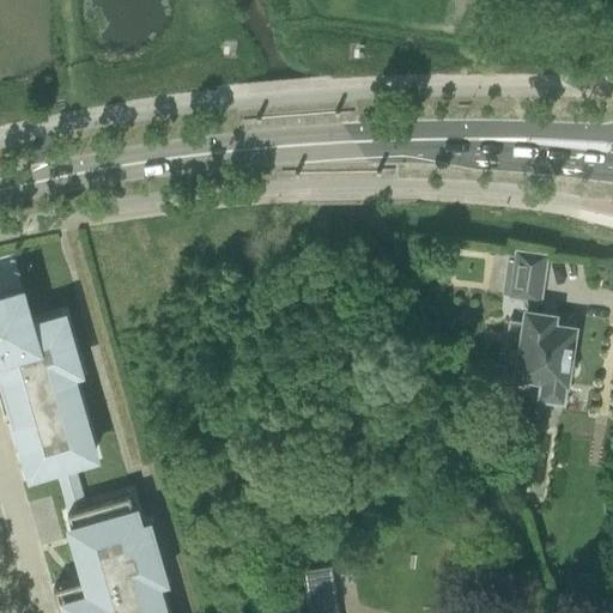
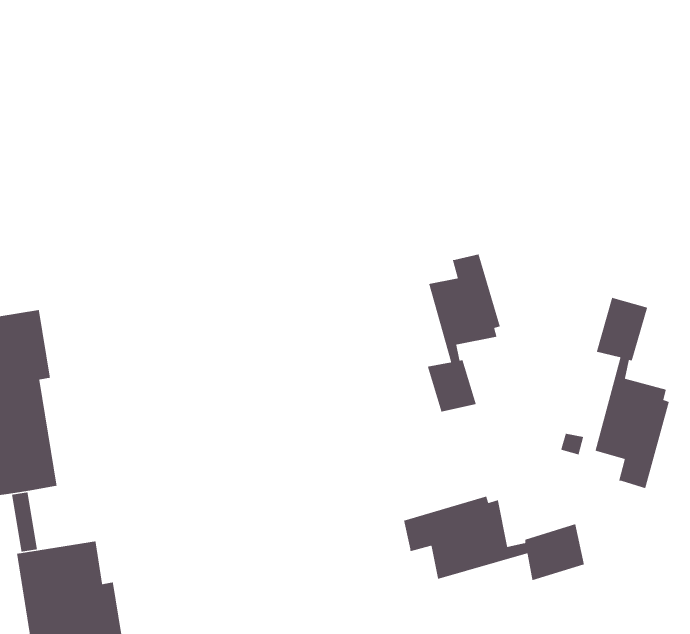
building: none -> [427,254,501,412]
building: none -> [403,495,585,581]

